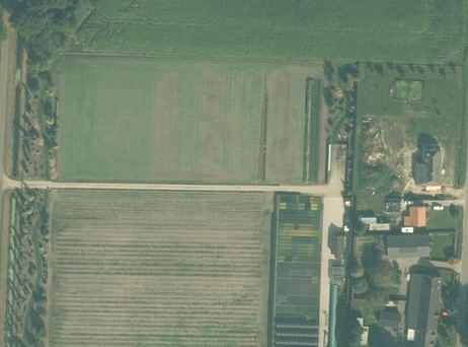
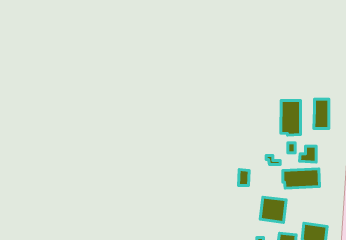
building: none -> [281,101,301,135]
building: [408,273,440,303] -> [260,197,286,222]

